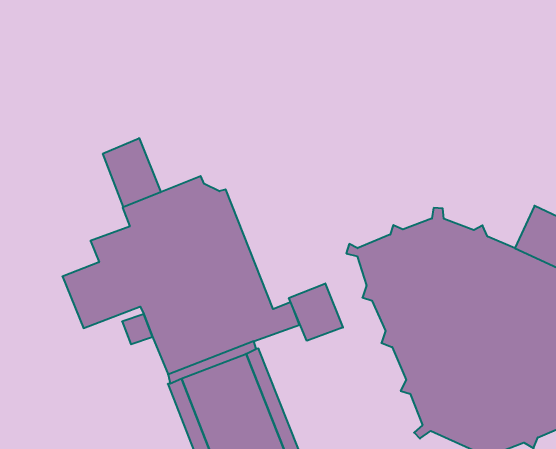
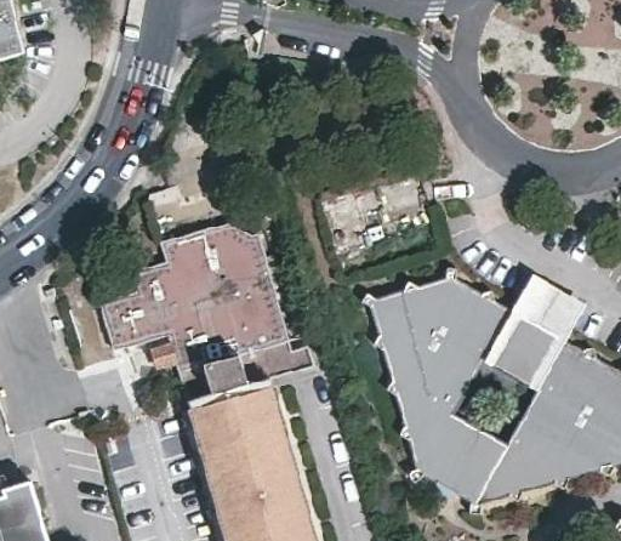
building: [103,138,161,207] -> none
building: [289,283,343,341] -> none

